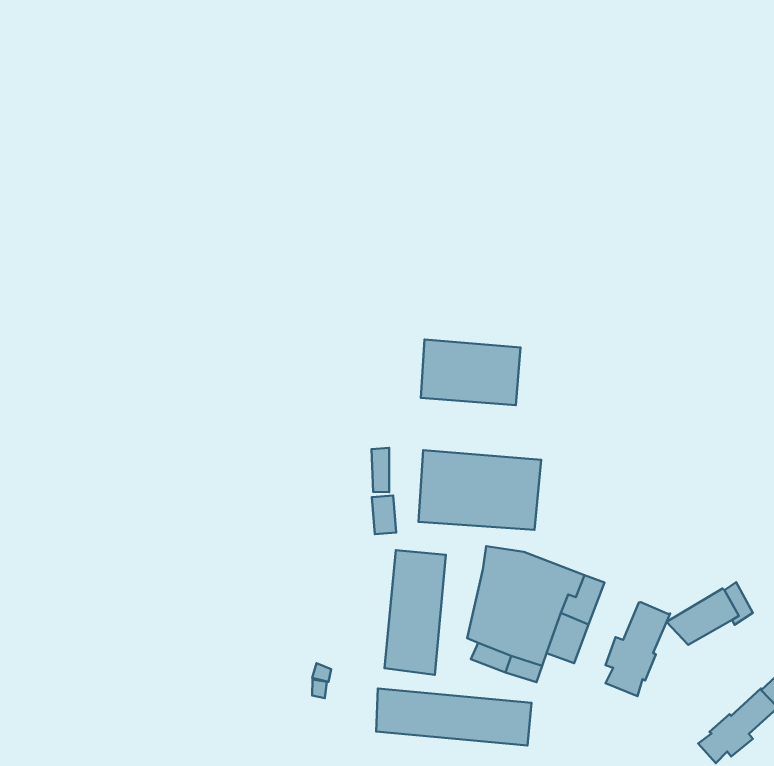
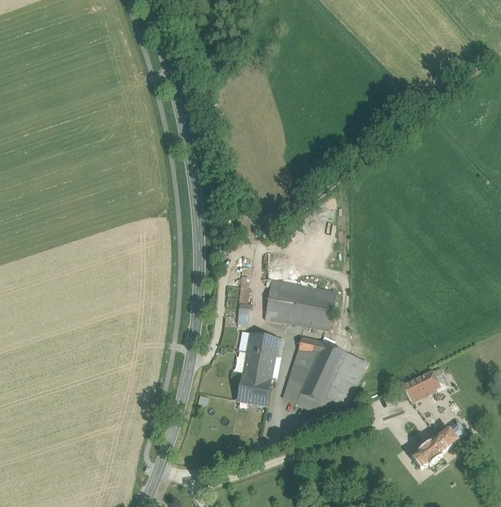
building: [421,340,521,405] -> none
building: [605,602,670,696] -> none
building: [376,688,532,745] -> none

